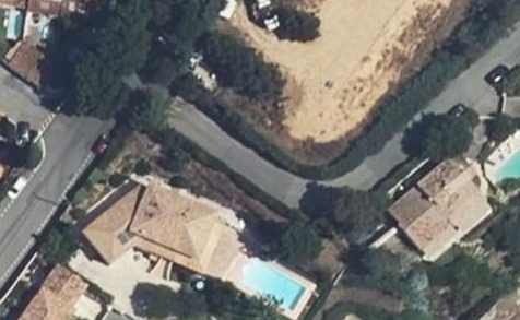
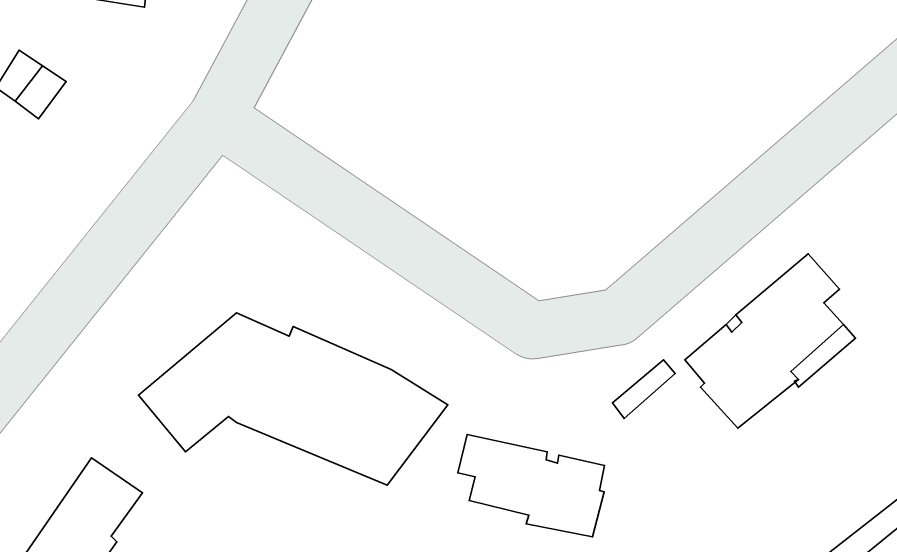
building: none -> [458,434,605,537]

